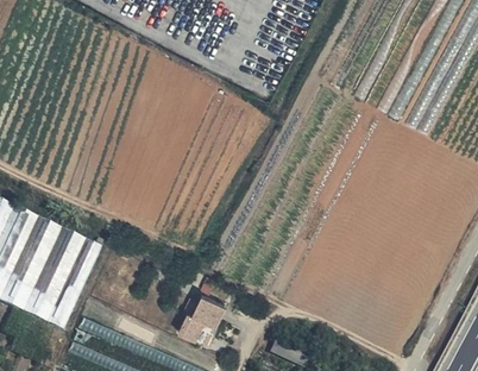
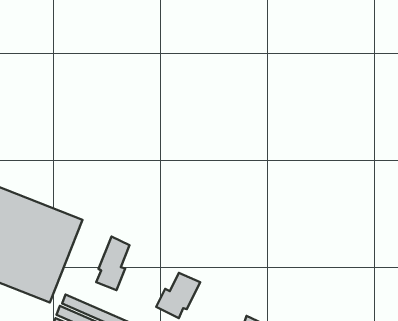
building: none -> [96,236,130,290]

